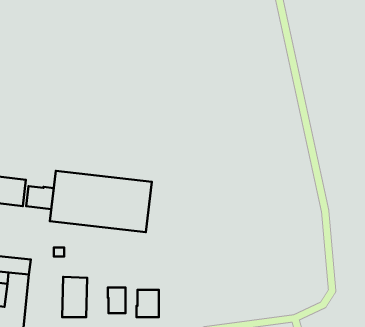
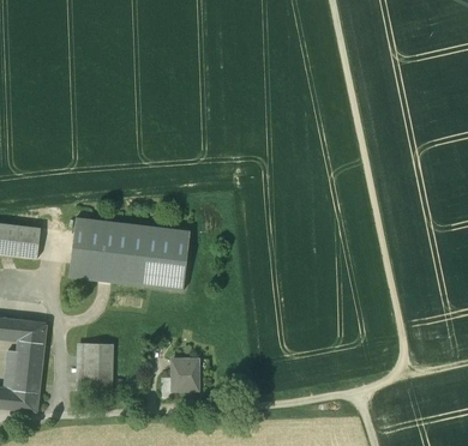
building: [26,186,54,209] -> none
building: [108,287,125,313] -> none

